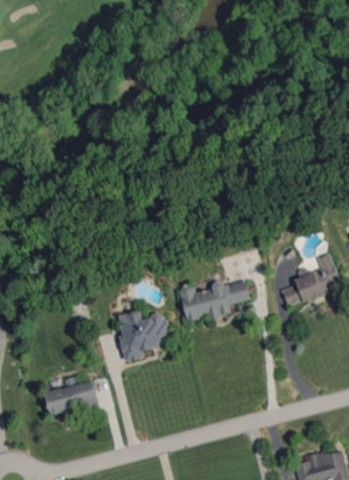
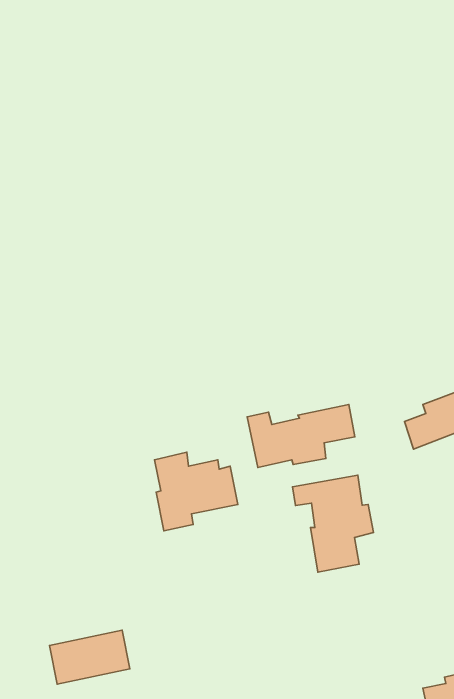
building: none -> [292,475,374,572]
building: [44,380,97,415] -> [50,630,130,684]

